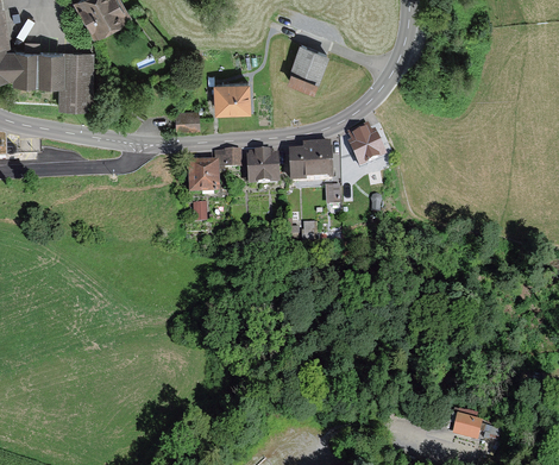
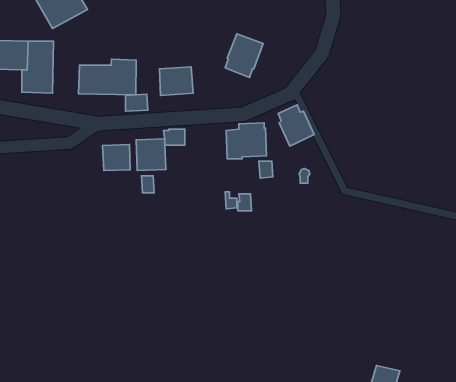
building: none -> [79,59,136,95]
building: [245,152,280,188] -> none
building: none -> [102,144,130,171]

